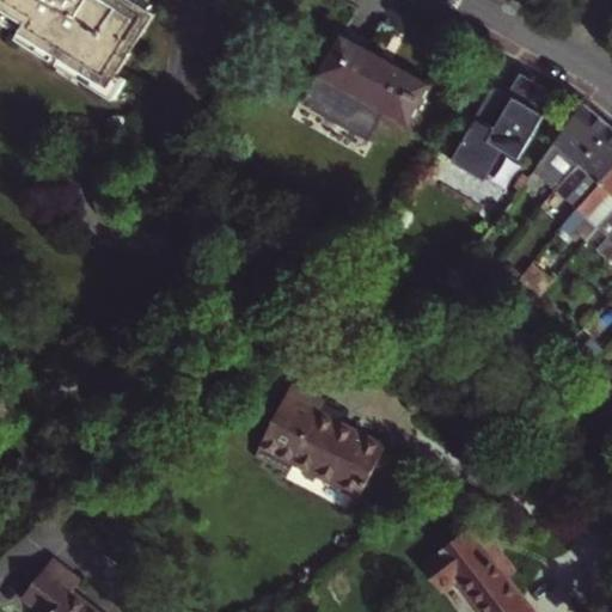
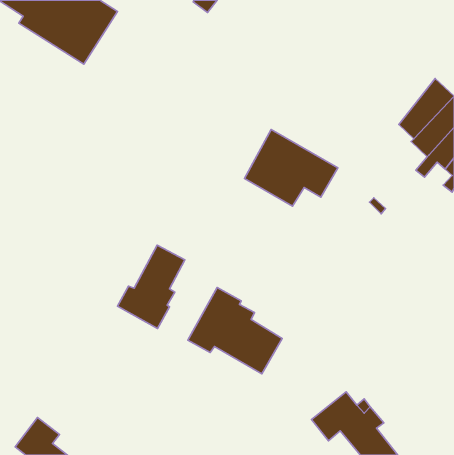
building: [305,35,430,137] -> [244,130,338,206]
building: [452,73,549,182] -> none
building: none -> [117,245,185,328]

